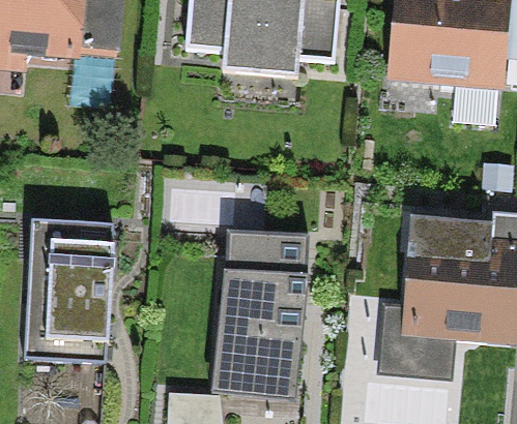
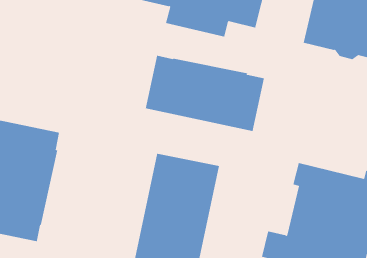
building: none -> [145,55,264,132]

